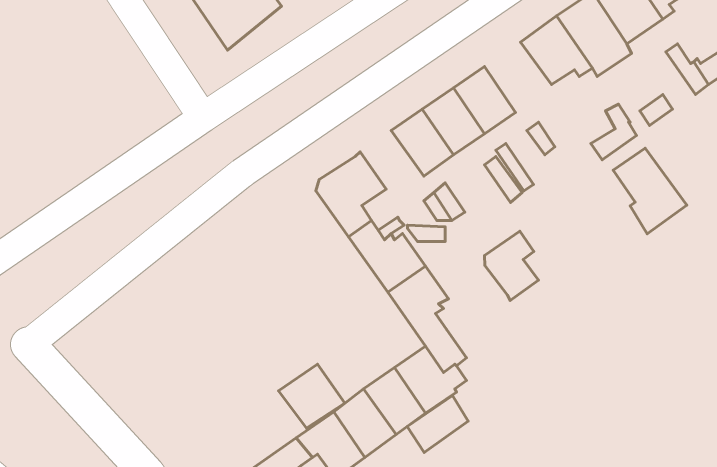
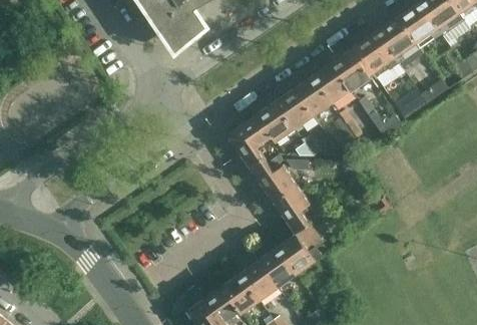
building: none -> [331,47,372,90]
building: none -> [255,101,294,142]
building: [613,148,687,234] -> none
building: [485,231,538,300] -> none
building: [278,364,345,428] -> none
building: [407,396,468,453] -> none

